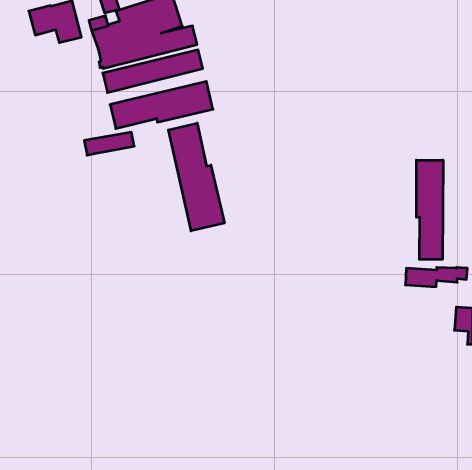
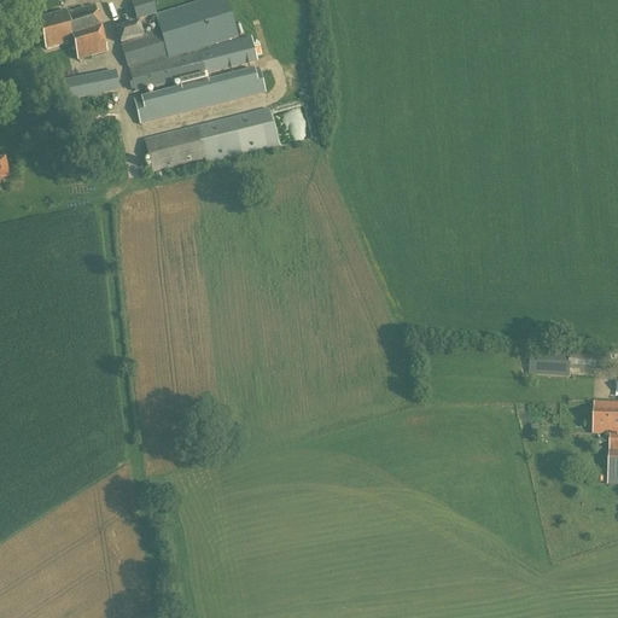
building: [168,123,224,231] -> none
building: [84,132,134,155] -> [53,69,118,99]
building: [416,160,443,259] -> none

